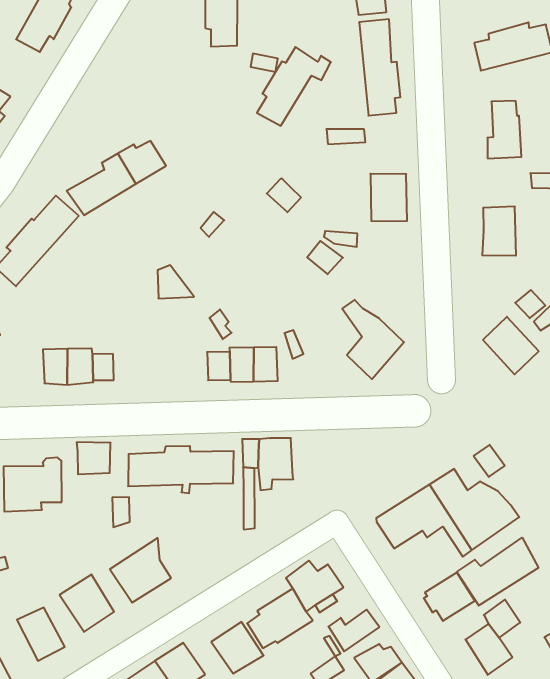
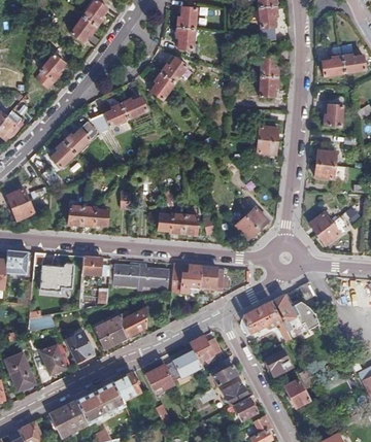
building: [257,47,331,126] -> [148,56,192,98]
building: none -> [199,266,224,291]
building: none -> [122,307,147,336]
building: [457,538,538,606] -> none

